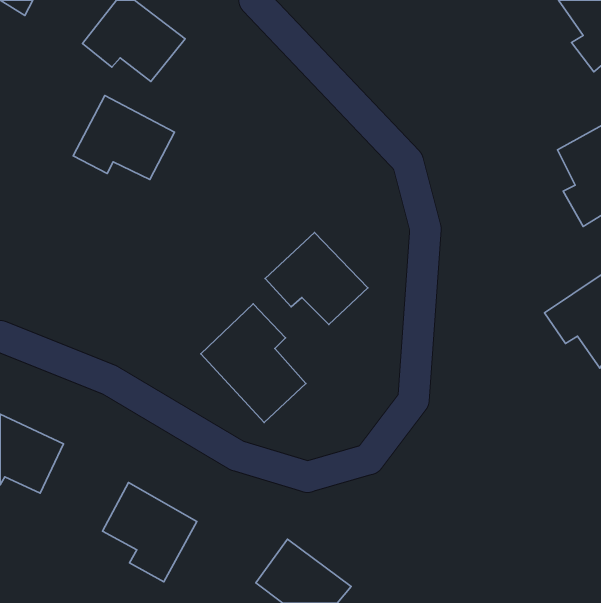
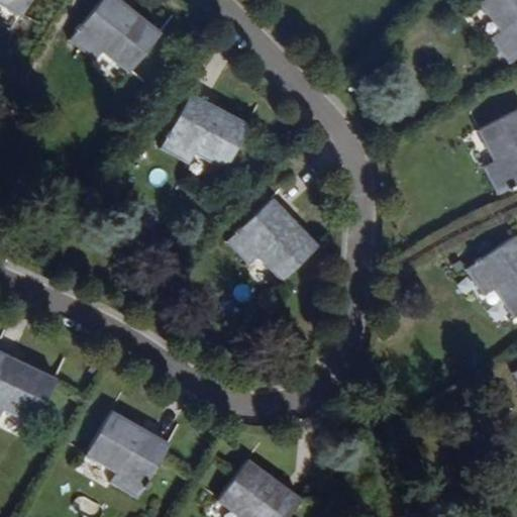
building: [73,96,174,179] -> [161,94,247,166]
building: [201,304,306,422] -> none

